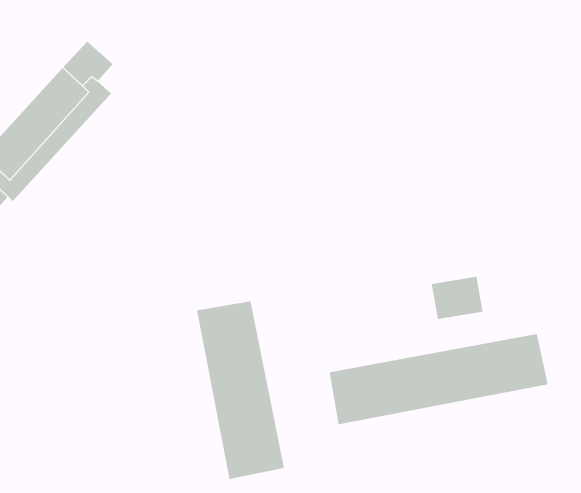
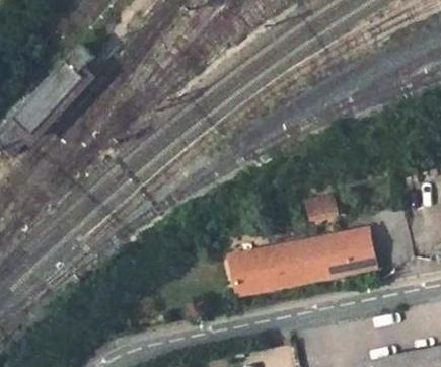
building: [197,300,284,480] -> none

